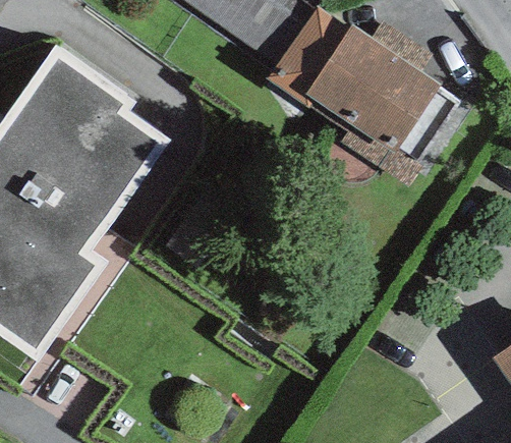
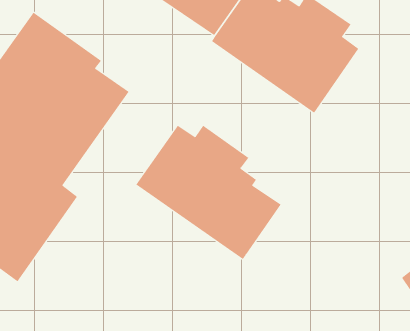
building: none -> [135,125,282,260]

